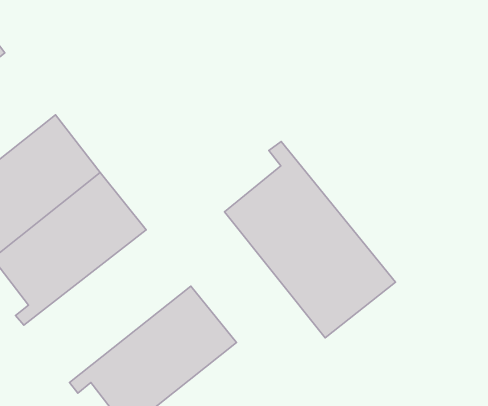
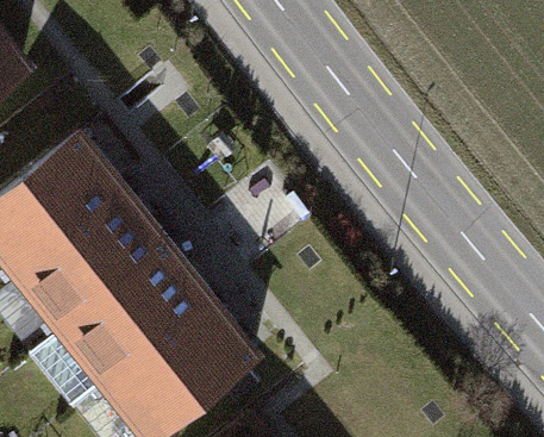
building: [224,142,395,338] -> none
building: none -> [30,245,217,414]

